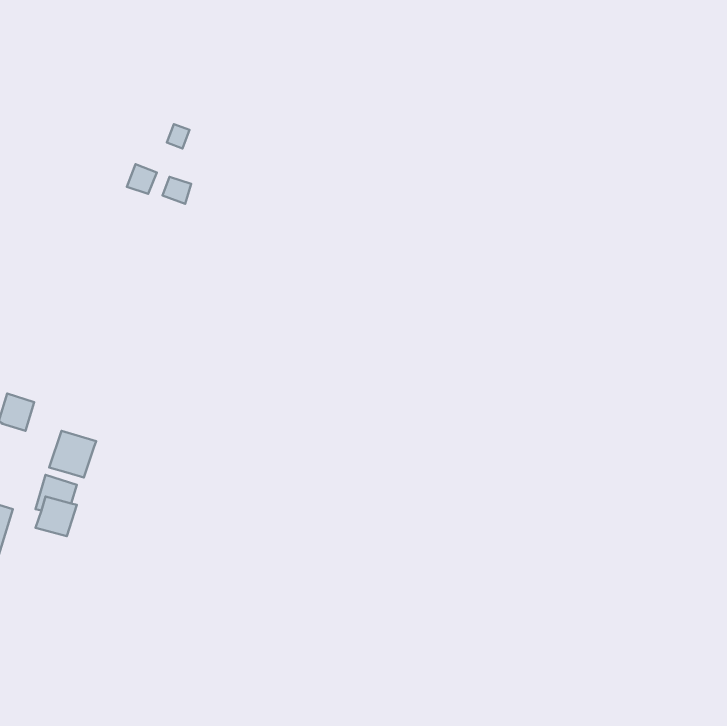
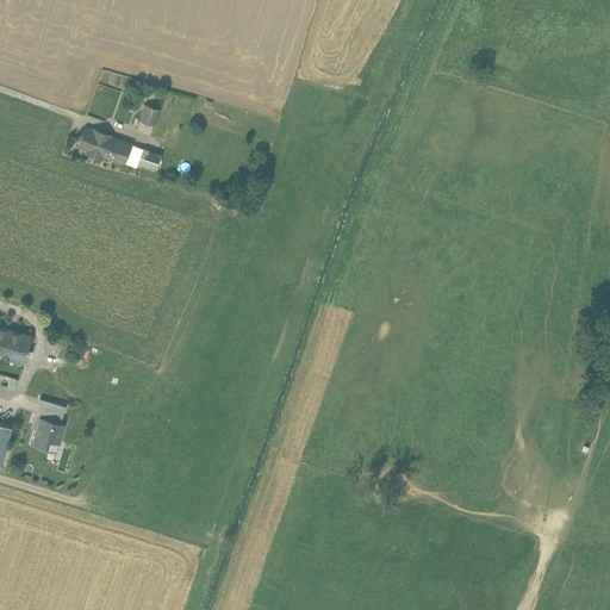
building: none -> [77,130,113,161]
building: [49,431,96,478] -> none

